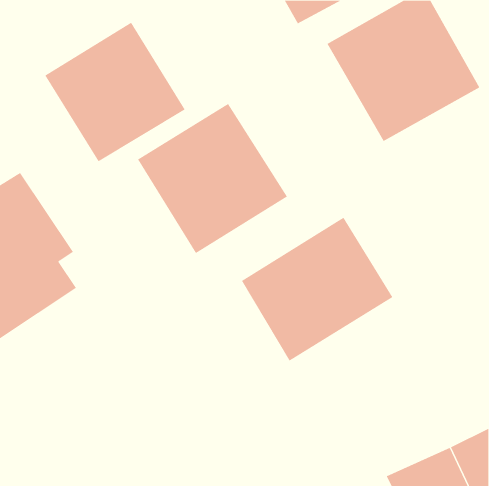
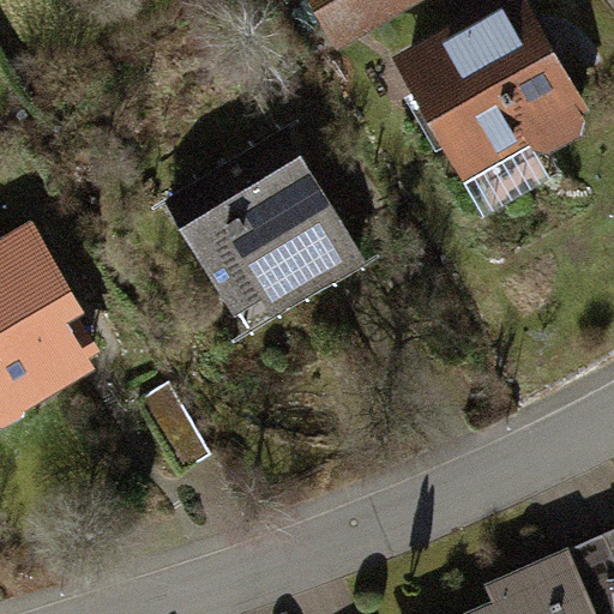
building: [45,22,186,162] -> none
building: [241,217,393,362] -> none

